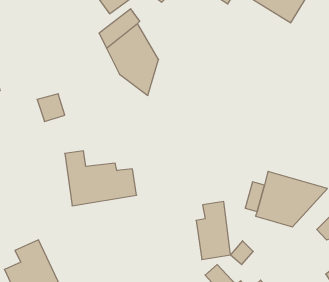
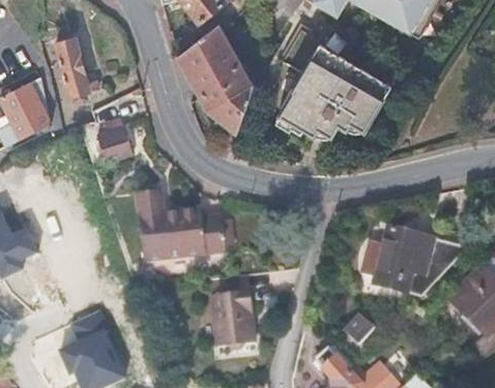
building: none -> [57,36,103,98]
building: none -> [279,41,390,136]
building: [196,202,230,260] -> [205,279,249,353]

